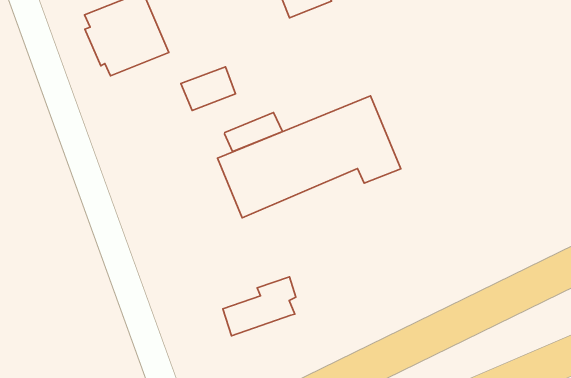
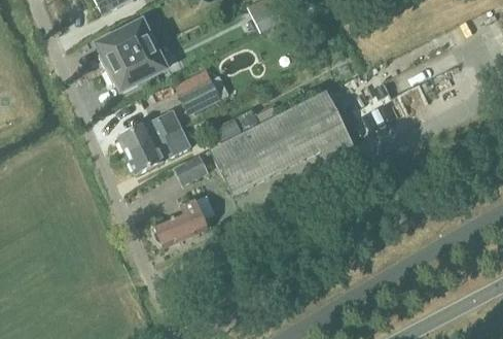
building: none -> [119,110,190,173]
building: none -> [174,154,209,184]
building: [223,277,296,336] -> [155,196,212,245]

